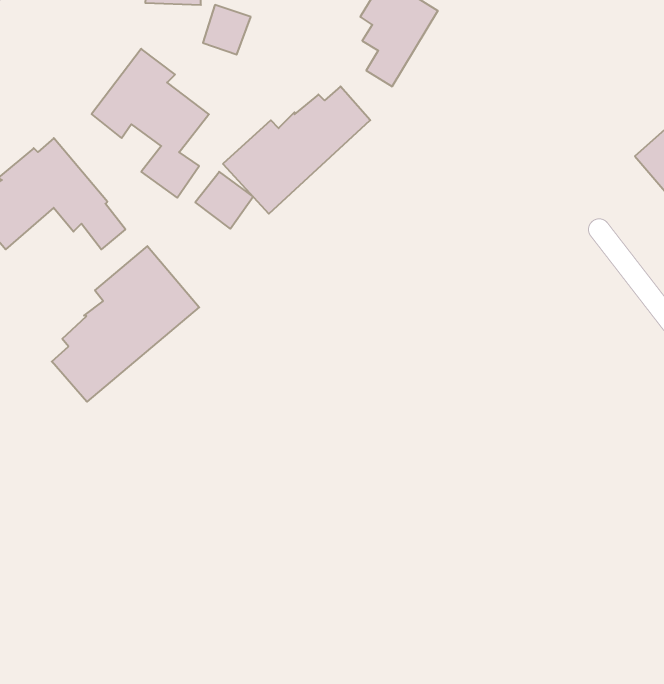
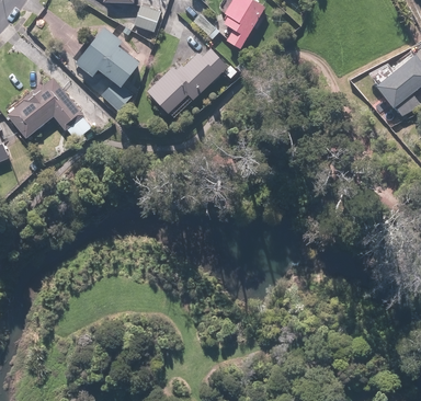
building: [195,172,253,229] -> none
building: [52,246,199,402] -> none

